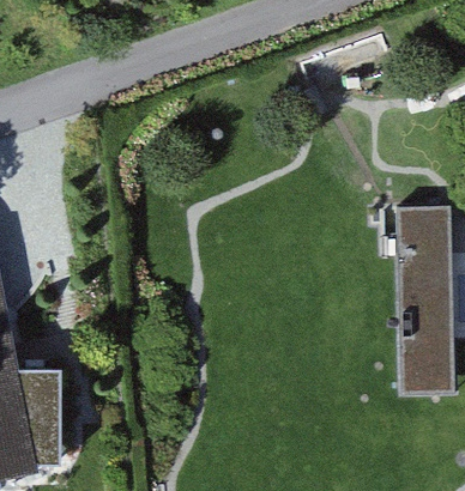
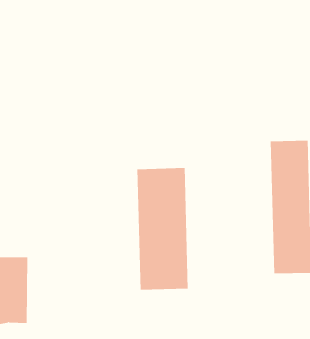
building: none -> [137,167,188,290]

